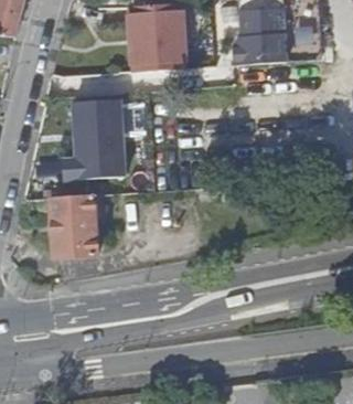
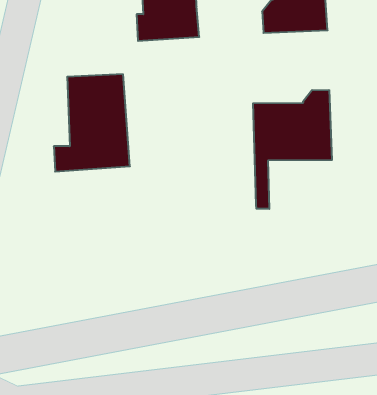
building: none -> [253,90,332,209]
building: [49,194,96,258] -> none

